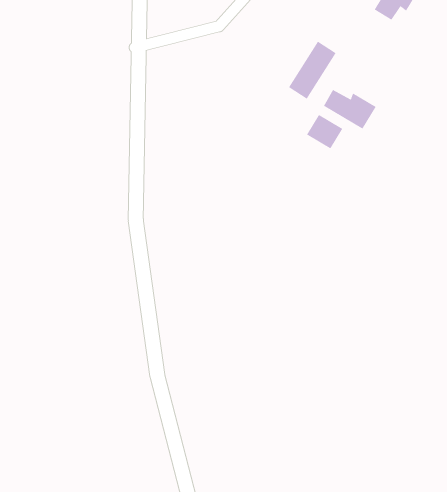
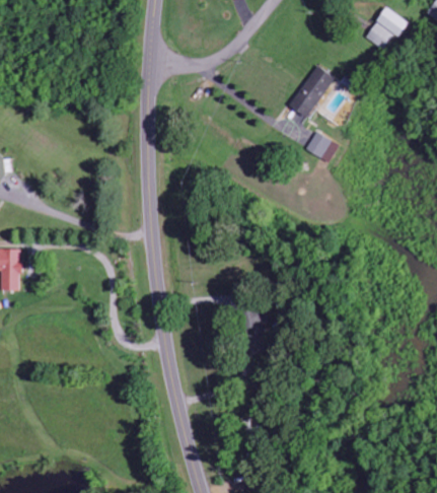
building: [323,89,376,130] -> none

